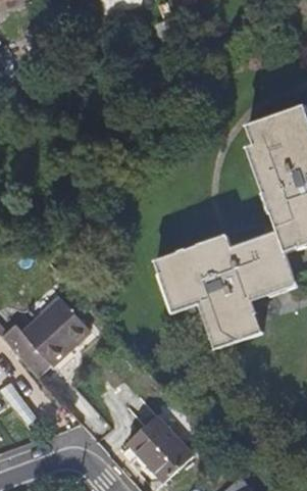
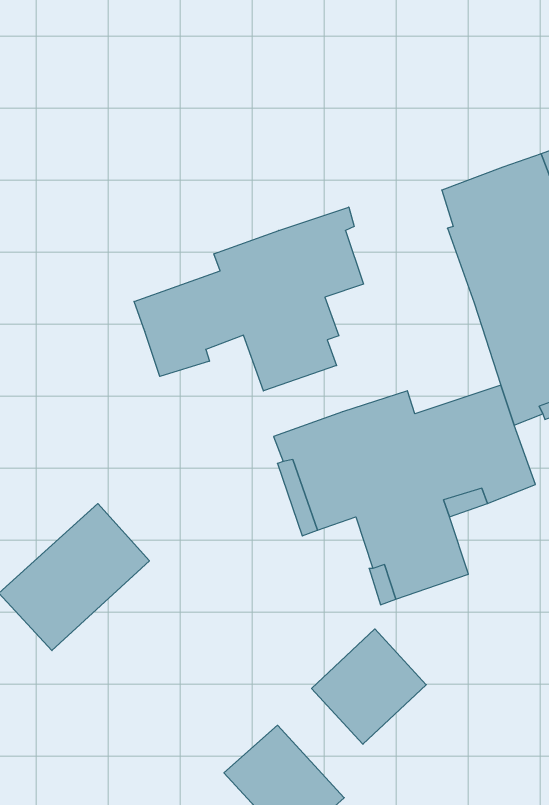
building: none -> [134,207,363,391]
building: none -> [312,629,426,744]

